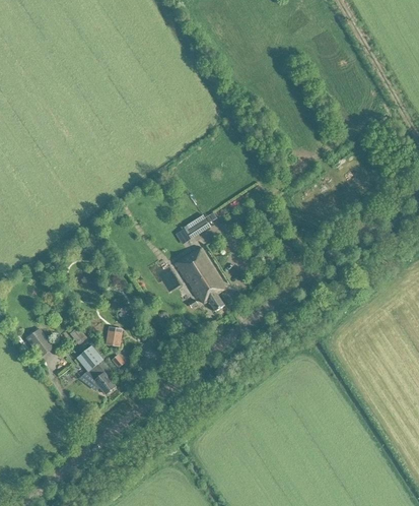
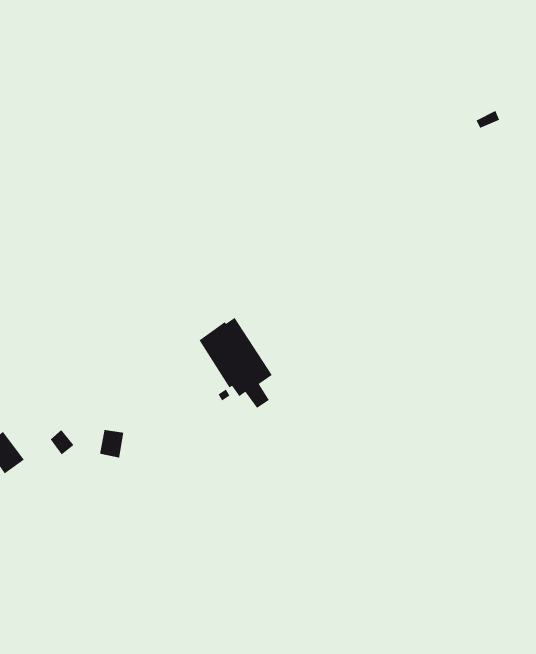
building: [174,212,210,242] -> none
building: [78,346,117,394] -> none

